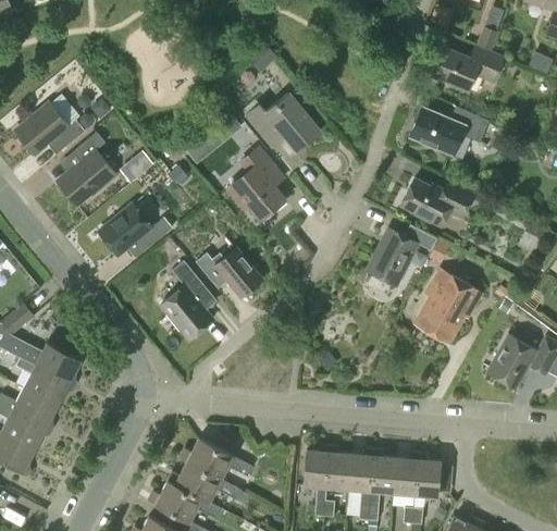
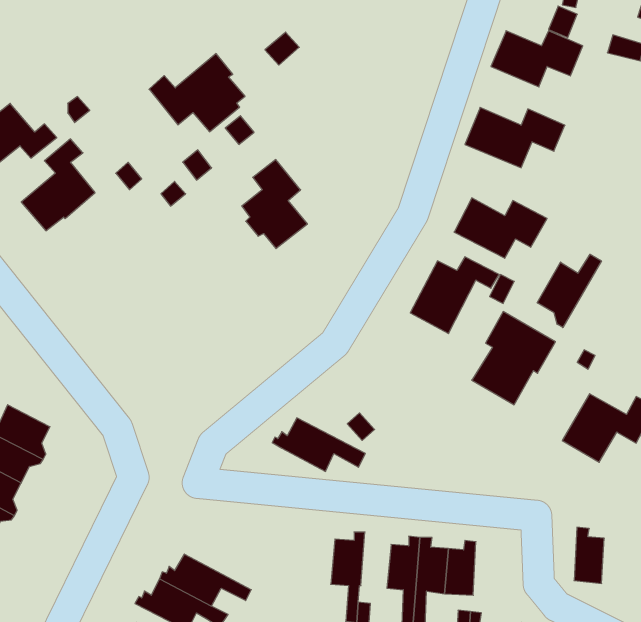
building: [246,88,322,150] -> [149,54,245,132]
building: [99,206,172,256] -> none
building: none -> [537,254,601,328]
building: [195,249,261,297] -> none
building: [161,261,211,339] -> none
building: [178,439,252,481] -> [272,418,365,471]
building: [326,445,350,490] -> none
building: [416,453,440,497] -> [574,527,604,583]

